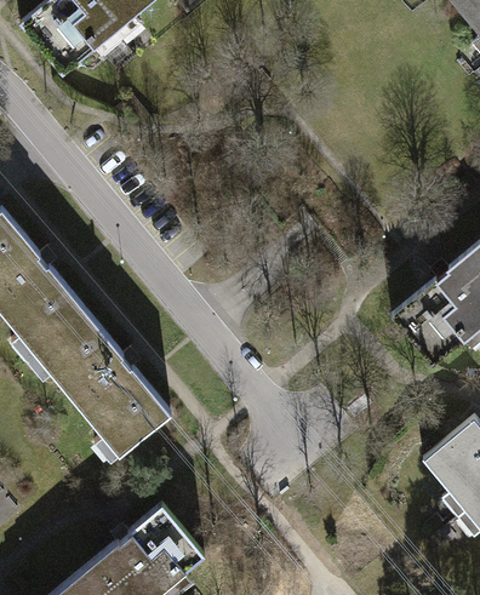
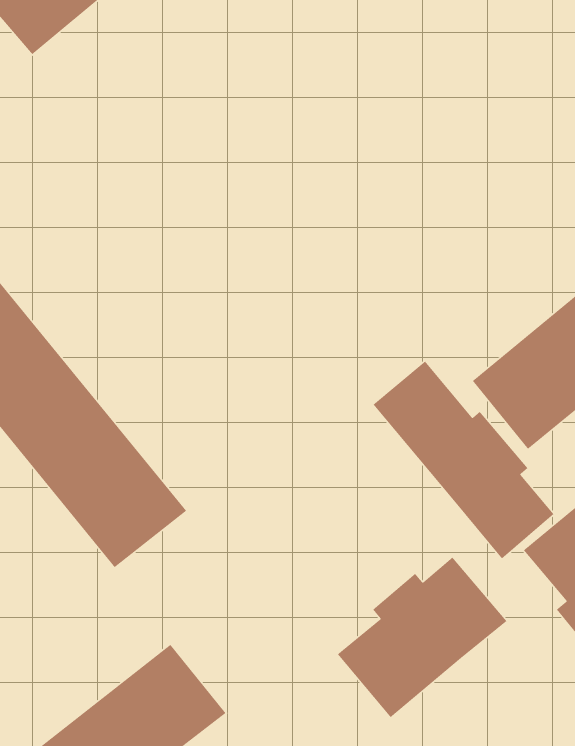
building: none -> [372,360,555,560]
building: none -> [337,557,508,718]

